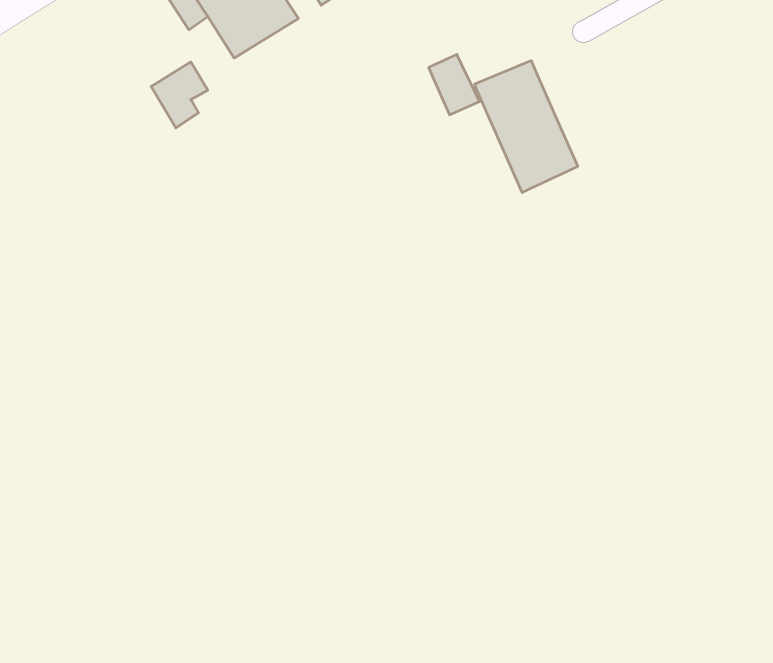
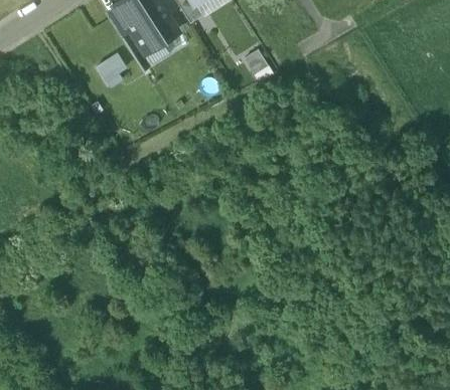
building: [475,61,578,193] -> none

